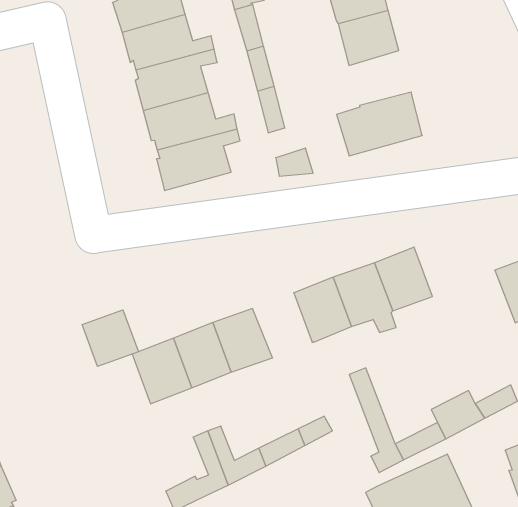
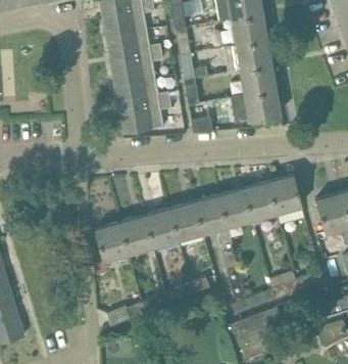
building: none -> [240,63,276,94]
building: none -> [268,176,301,213]
building: none -> [168,202,202,240]
building: [82,310,138,366] -> none

